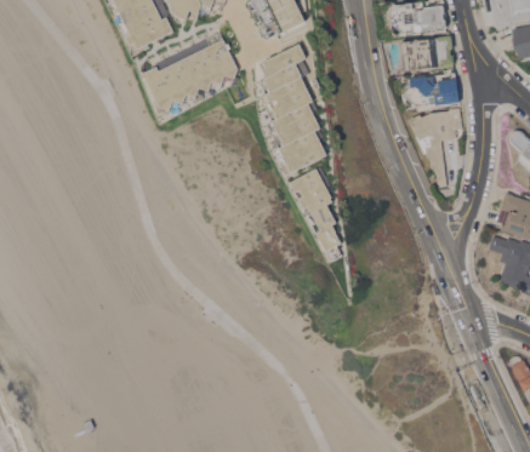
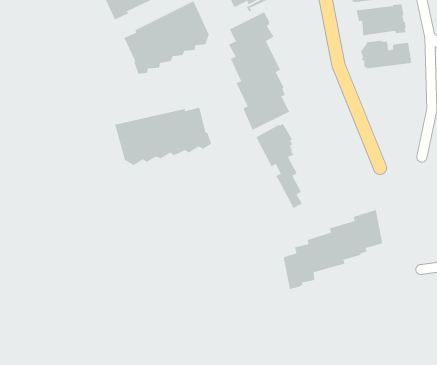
building: [409,108,461,187] -> none
building: none -> [115,107,212,166]
building: none -> [283,209,383,290]

